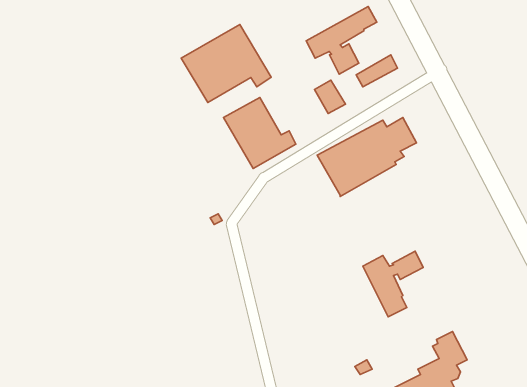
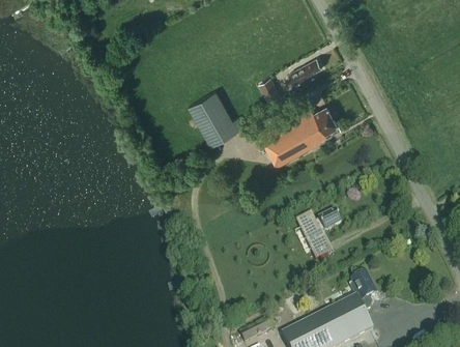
building: [306,7,377,74] -> none
building: [181,24,271,103] -> none

